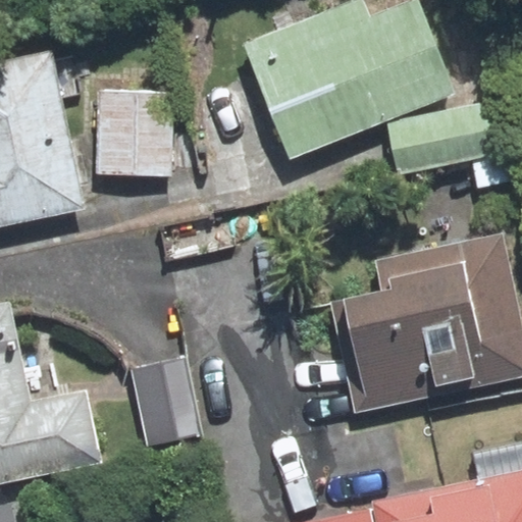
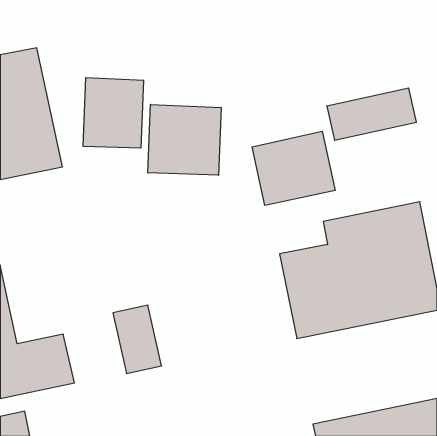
building: [251,4,437,147] -> none
building: none -> [148,104,221,175]
building: none -> [252,131,335,205]

